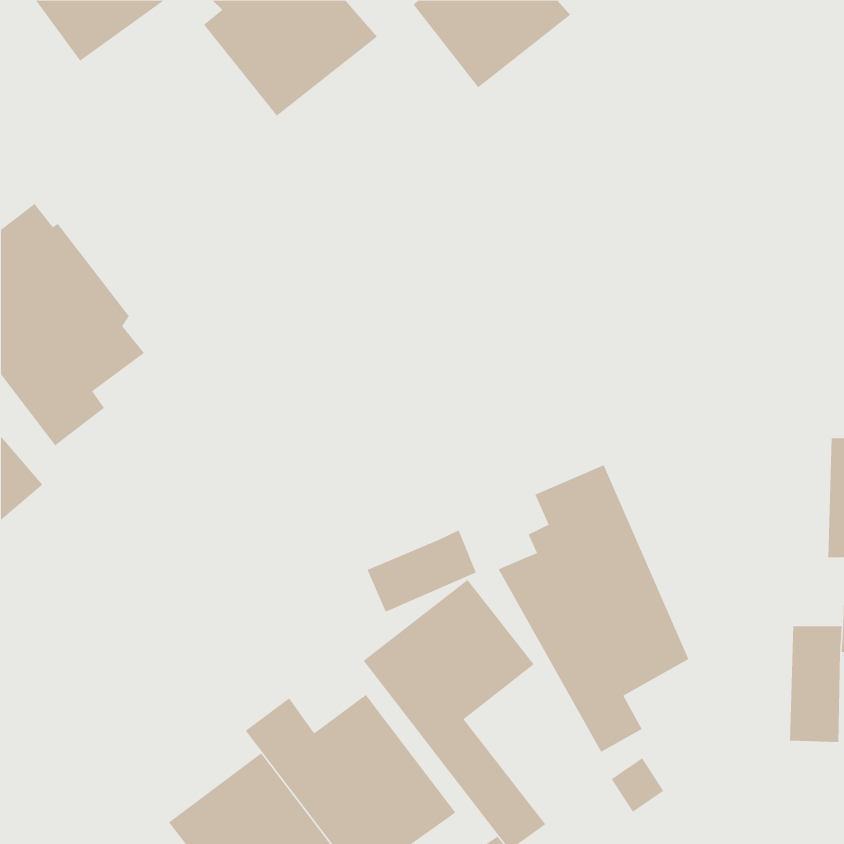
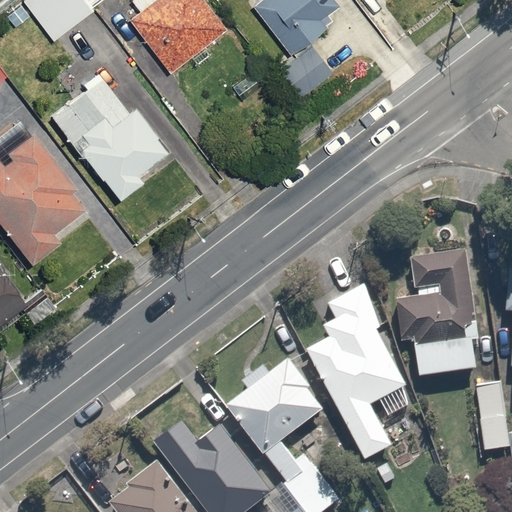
building: none -> [50,76,168,198]
building: none -> [397,245,481,373]
building: [367,529,477,612] -> none

